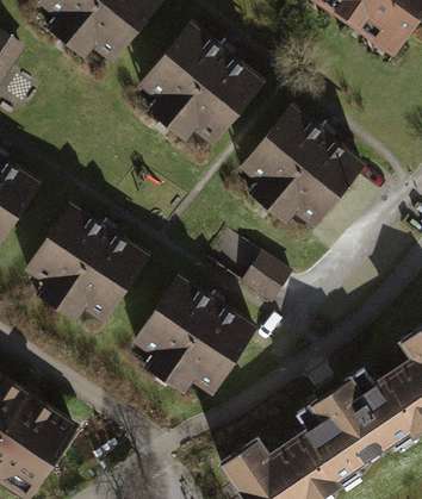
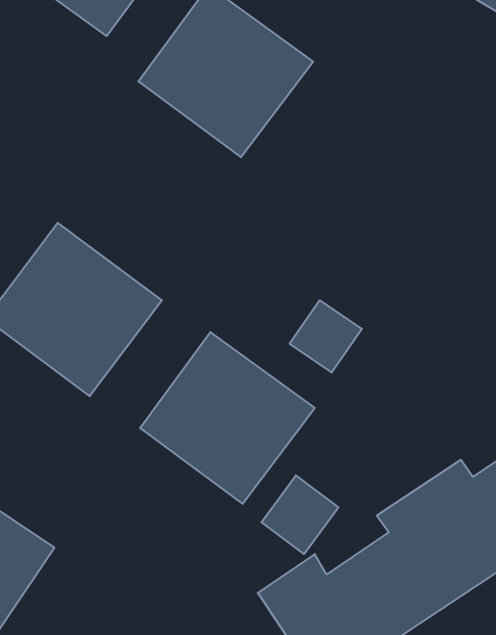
building: [237,102,361,224] -> none
building: none -> [261,475,338,554]

